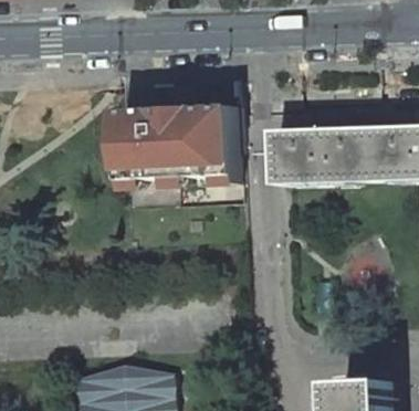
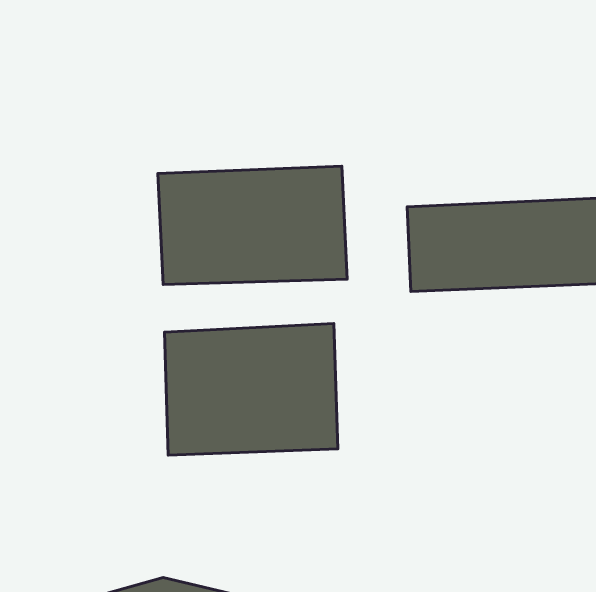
building: none -> [164,324,338,455]

